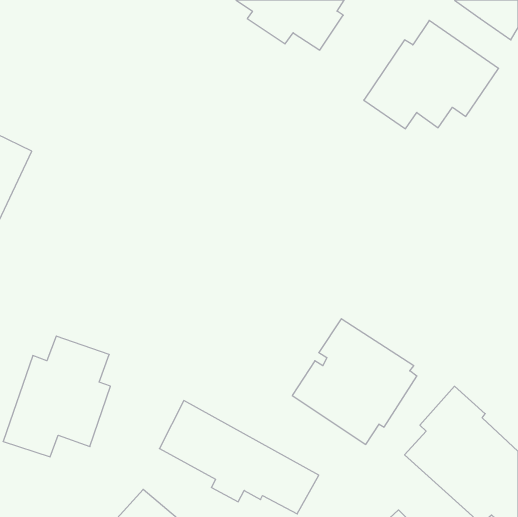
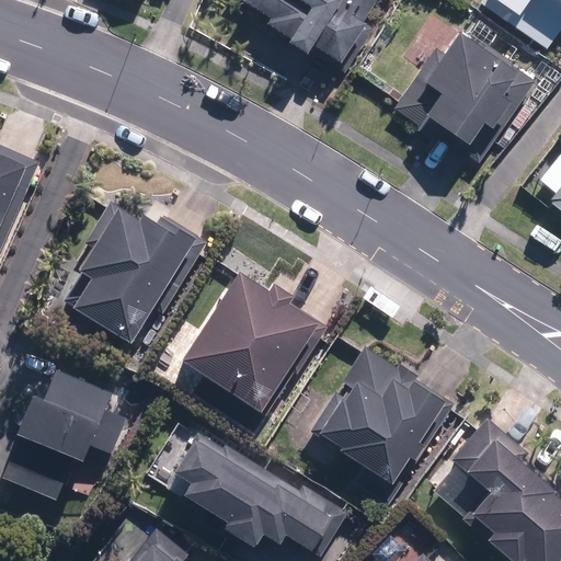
building: none -> [77,201,204,344]
building: none -> [184,268,323,408]

